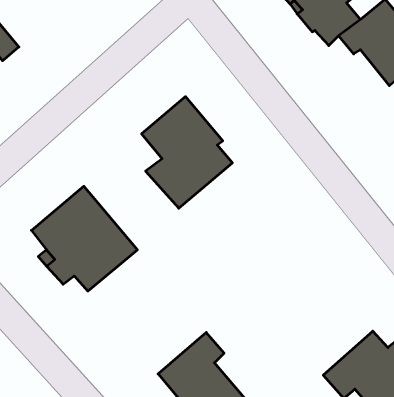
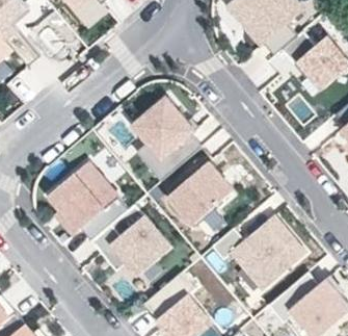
building: none -> [167,160,232,223]
building: none -> [90,206,170,276]
building: none -> [210,216,304,291]

